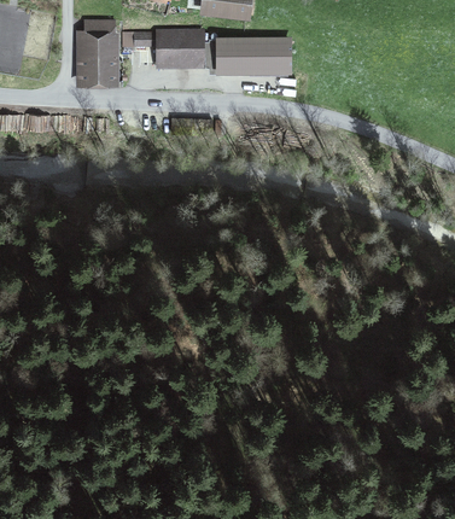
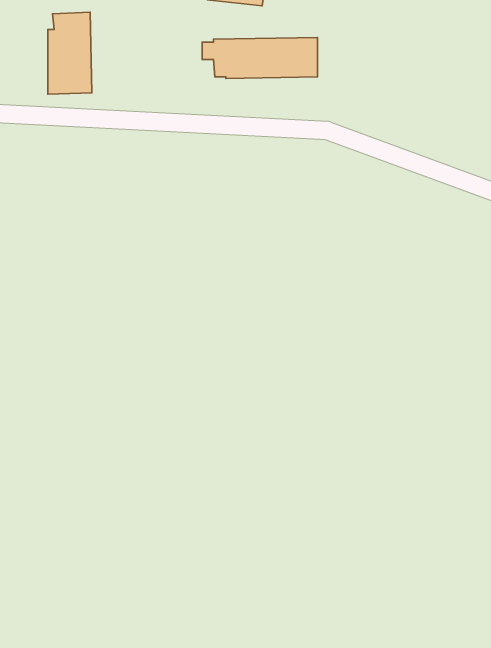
building: [133,34,200,69] -> none

